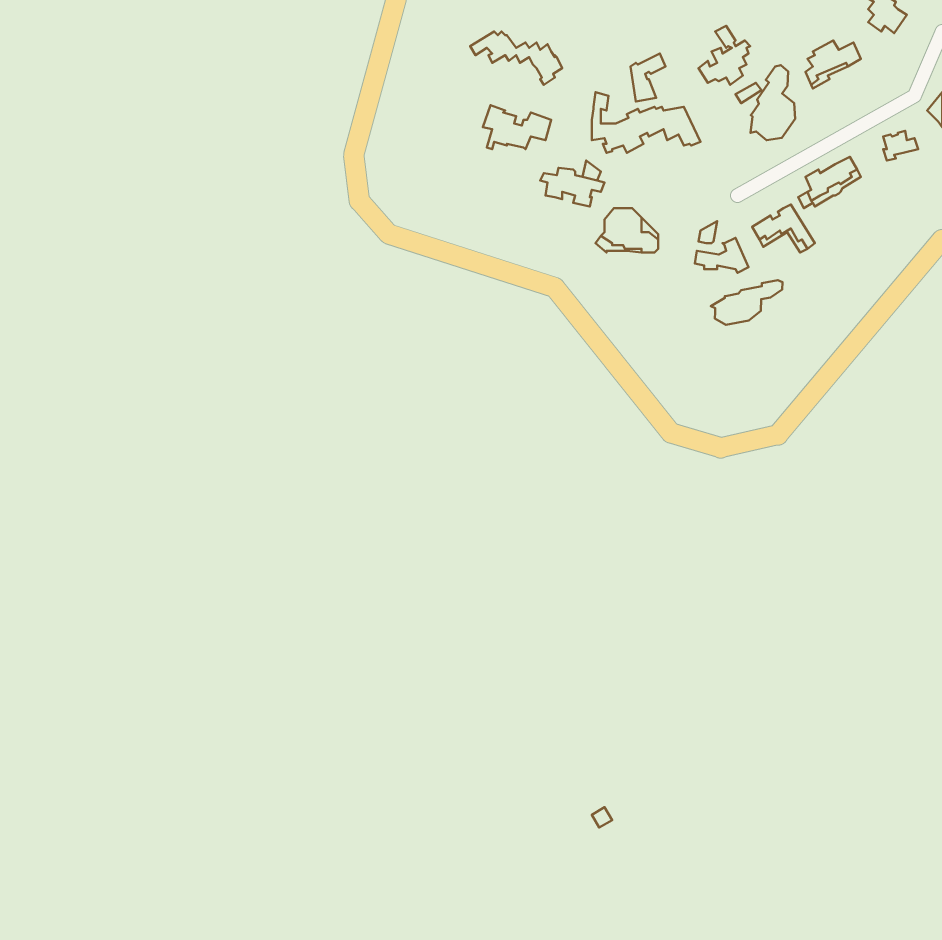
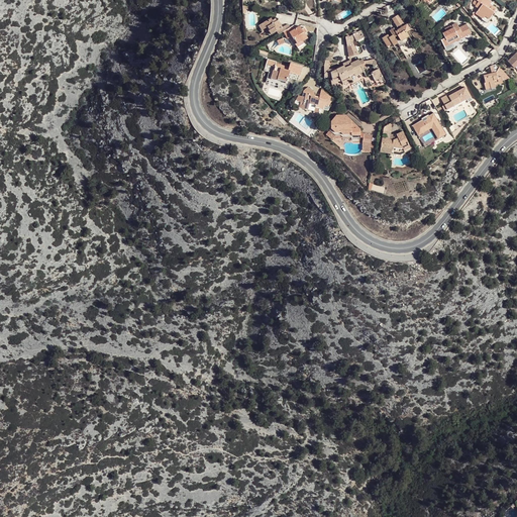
building: [751,65,795,140] -> none
building: [711,280,782,325] -> none

